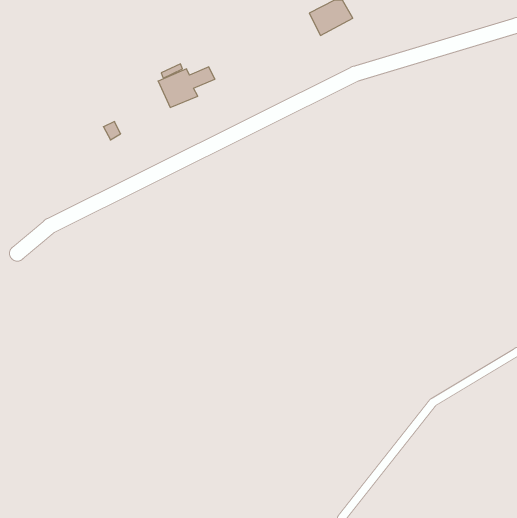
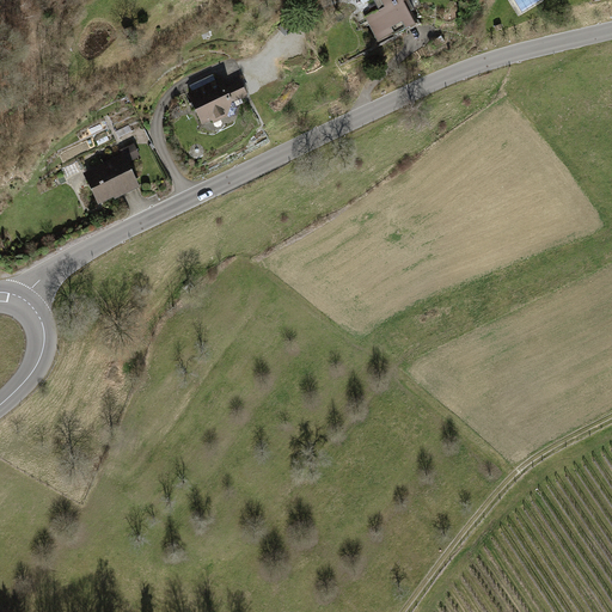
building: none -> [90,161,135,204]

